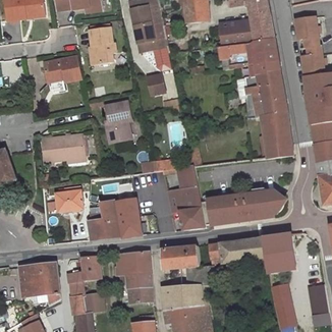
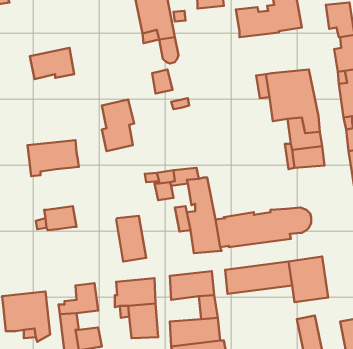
building: [89,25,115,63] -> none
building: [219,38,280,76] -> none
building: [88,200,122,239] -> none

